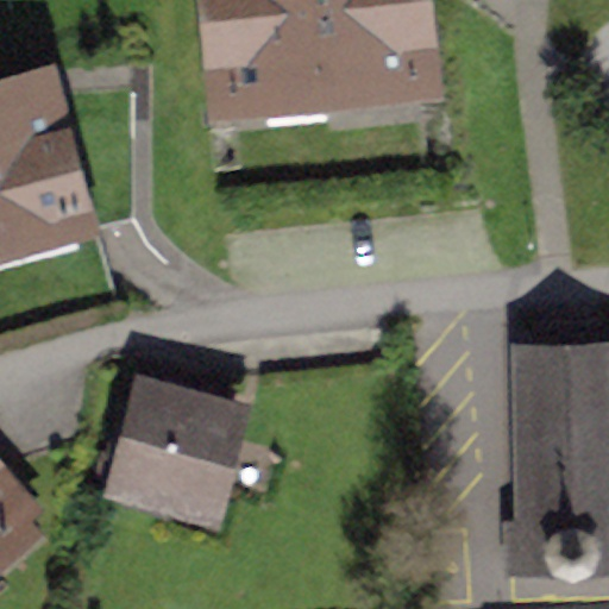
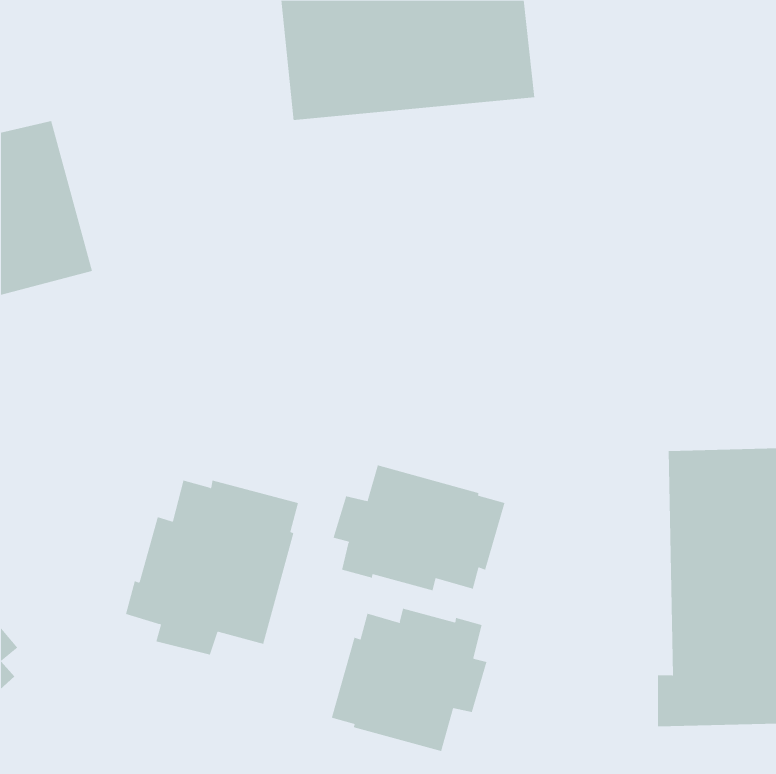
building: none -> [333,465,505,591]
building: none -> [331,608,487,752]

